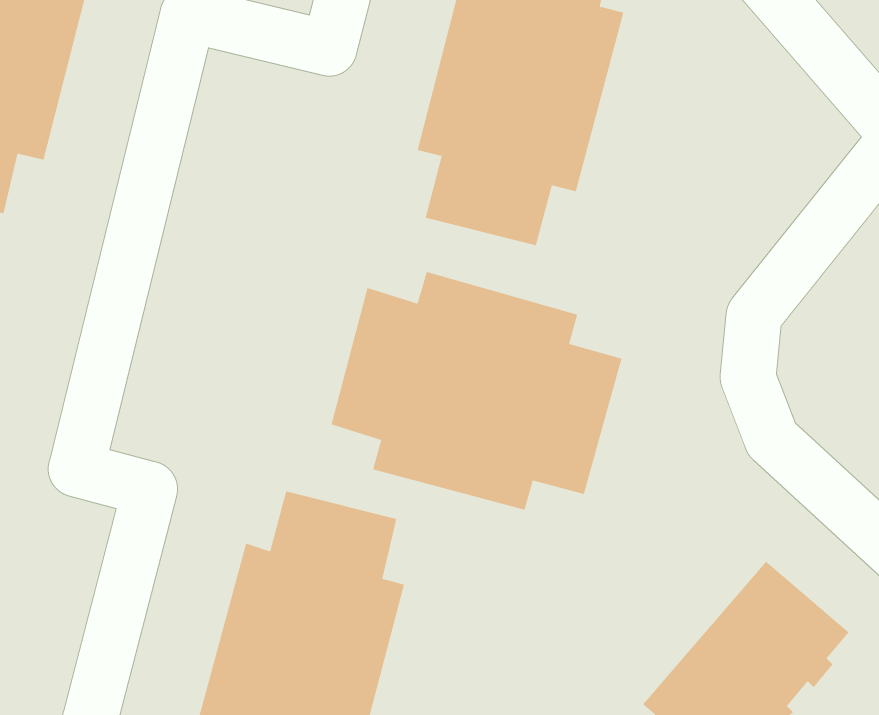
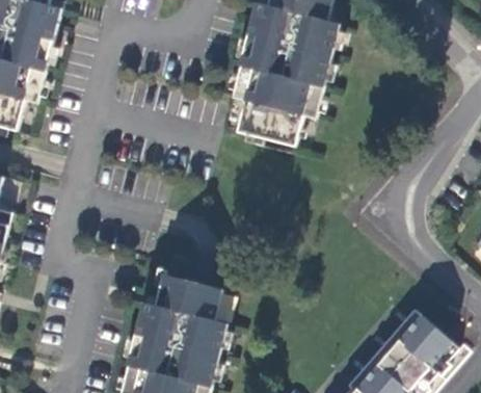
building: [331,271,622,510] -> none

